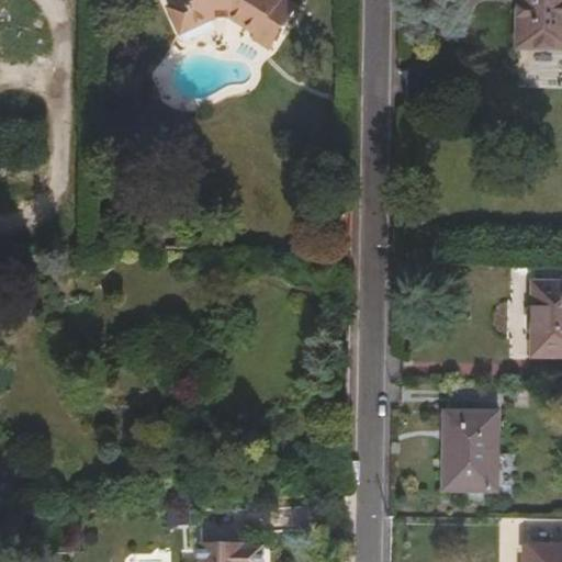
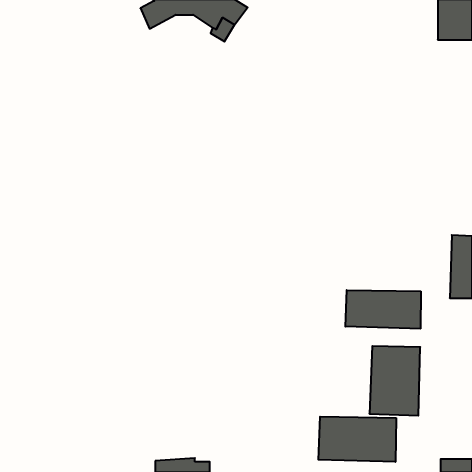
building: none -> [345,290,421,329]
building: none -> [318,417,396,462]

